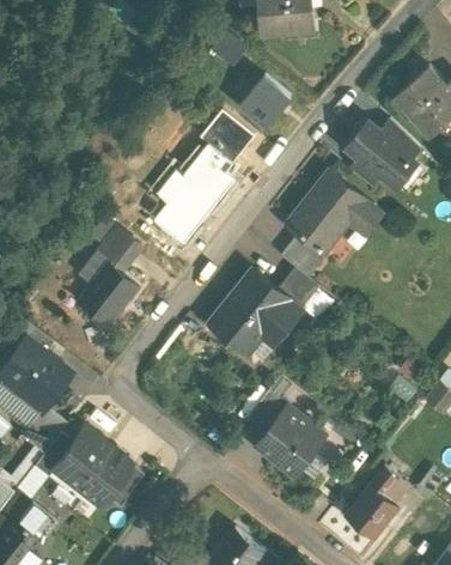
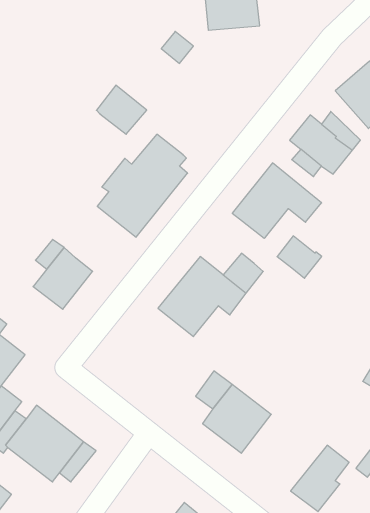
building: [242,77,292,127] -> none
building: [205,113,257,164] -> [96,85,147,134]
building: [99,229,142,272] -> none
building: [281,233,328,278] -> [277,236,322,278]

